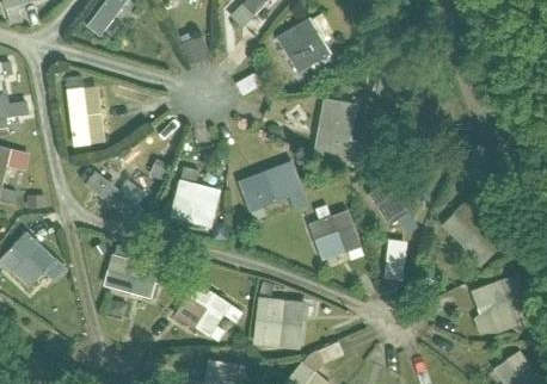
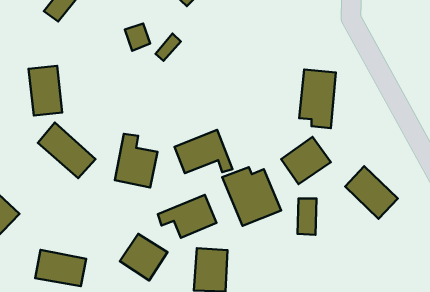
building: [270,18,331,78] -> none
building: [313,98,356,167] -> [299,70,336,128]
building: none -> [158,195,217,238]
building: [105,254,165,297] -> [35,250,86,286]
building: [477,274,531,332] -> none

